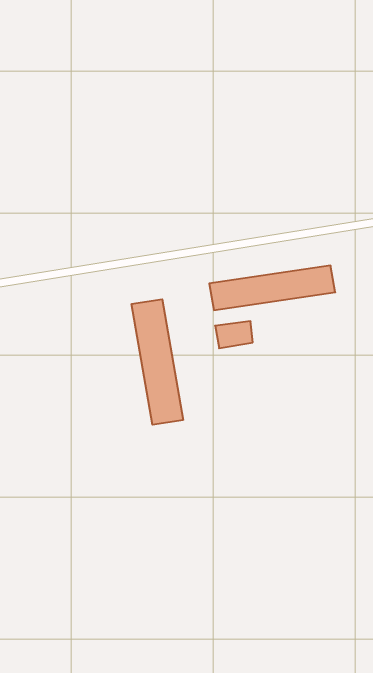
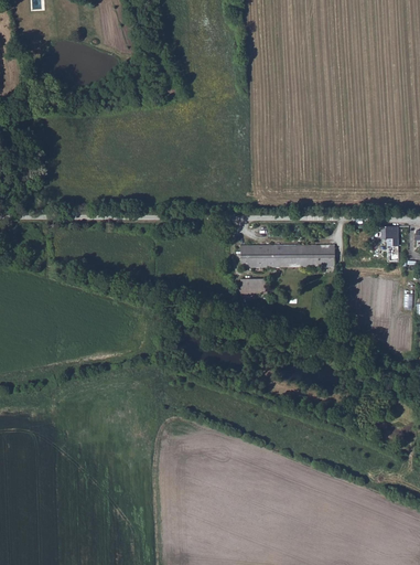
building: [132,299,183,425] -> none

